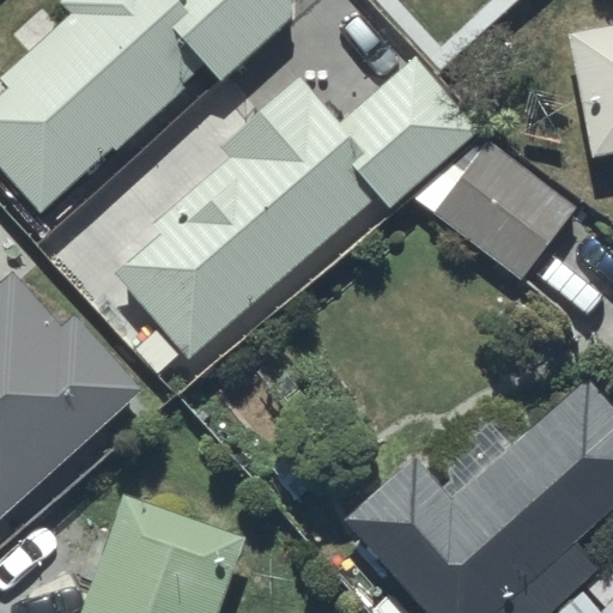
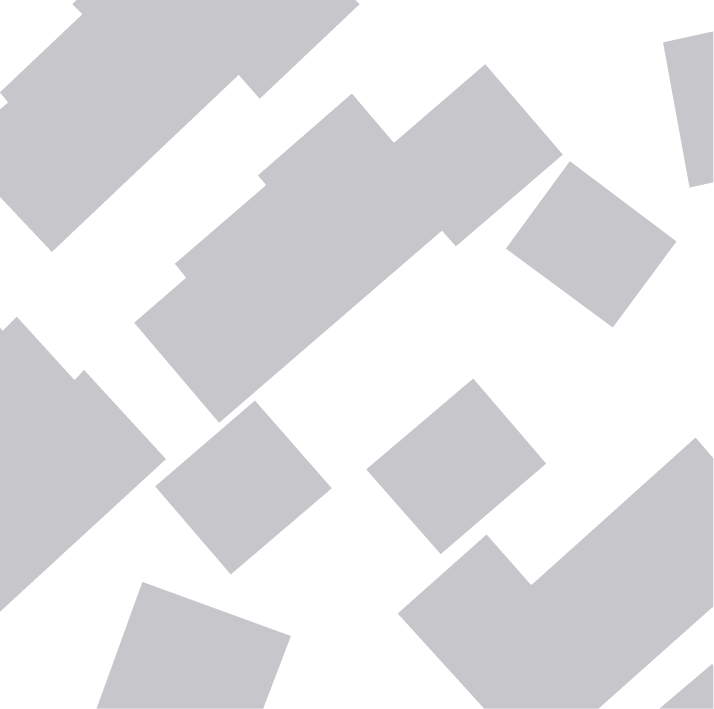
building: none -> [365,377,547,555]
building: none -> [154,400,333,575]

